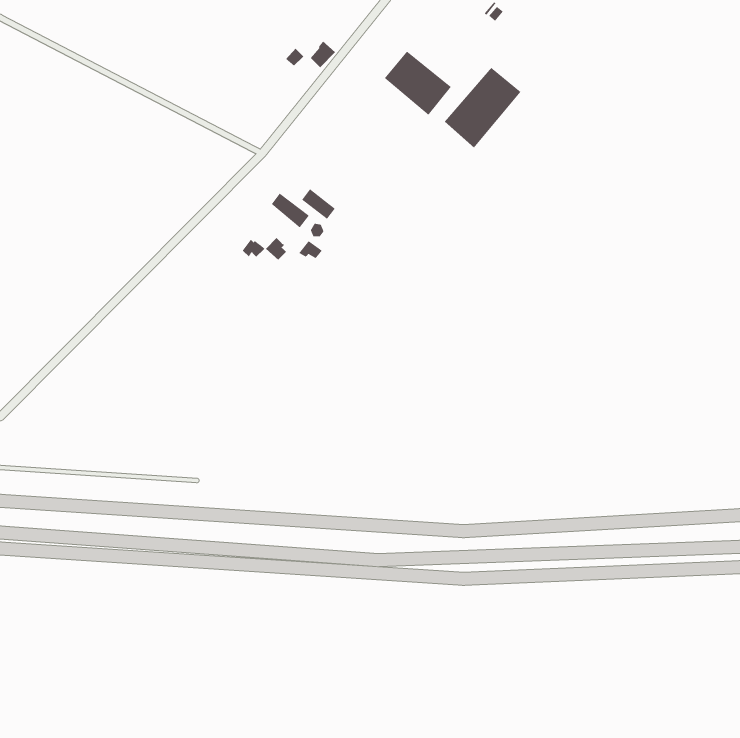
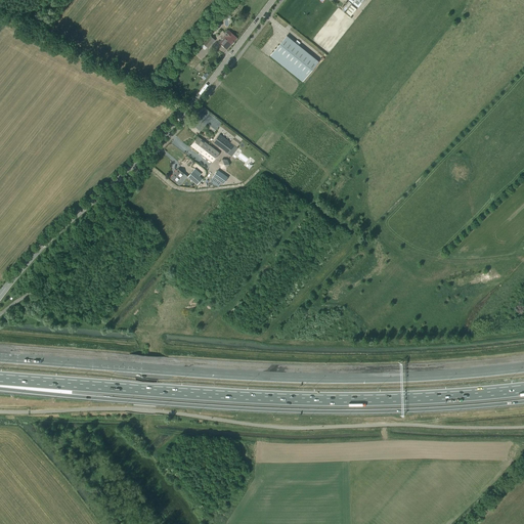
building: [444,67,521,148] -> none

